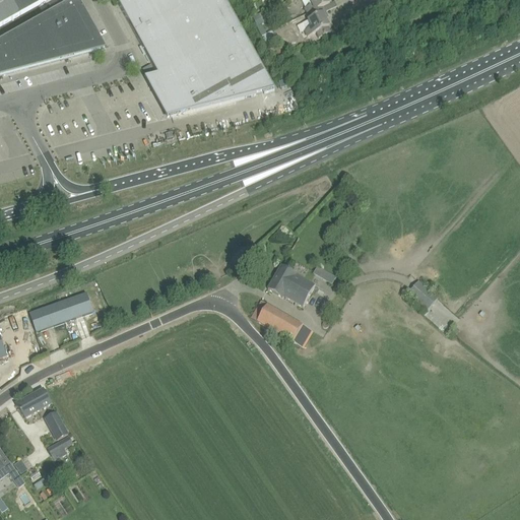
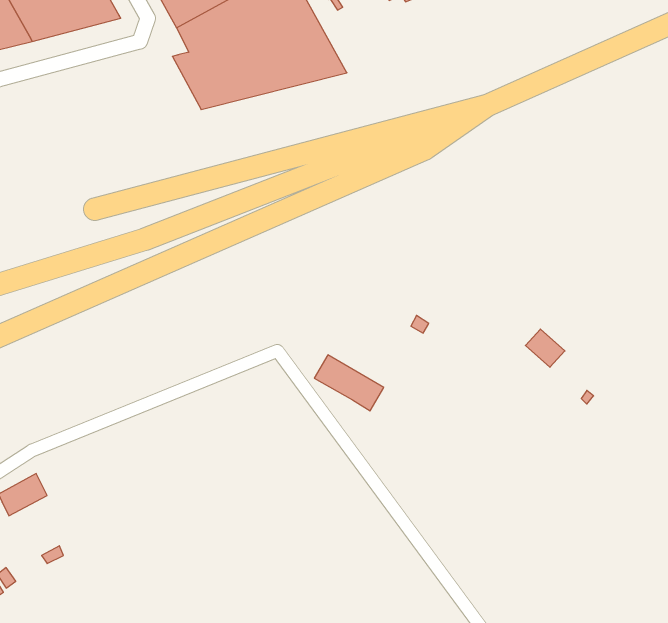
building: [268,263,316,304] -> none
building: [28,290,92,329] -> none
building: [45,408,69,439] -> none

